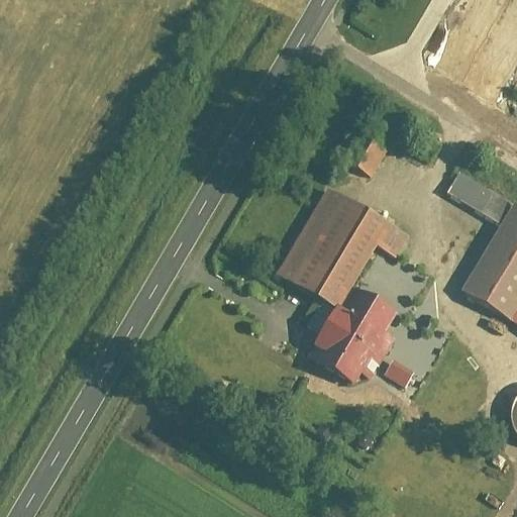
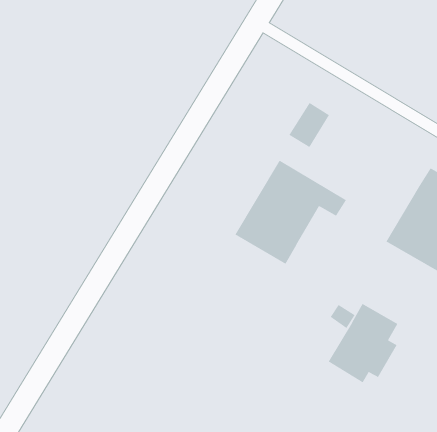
building: [443,167,508,218] -> none
building: [311,288,394,382] -> [328,303,398,383]

